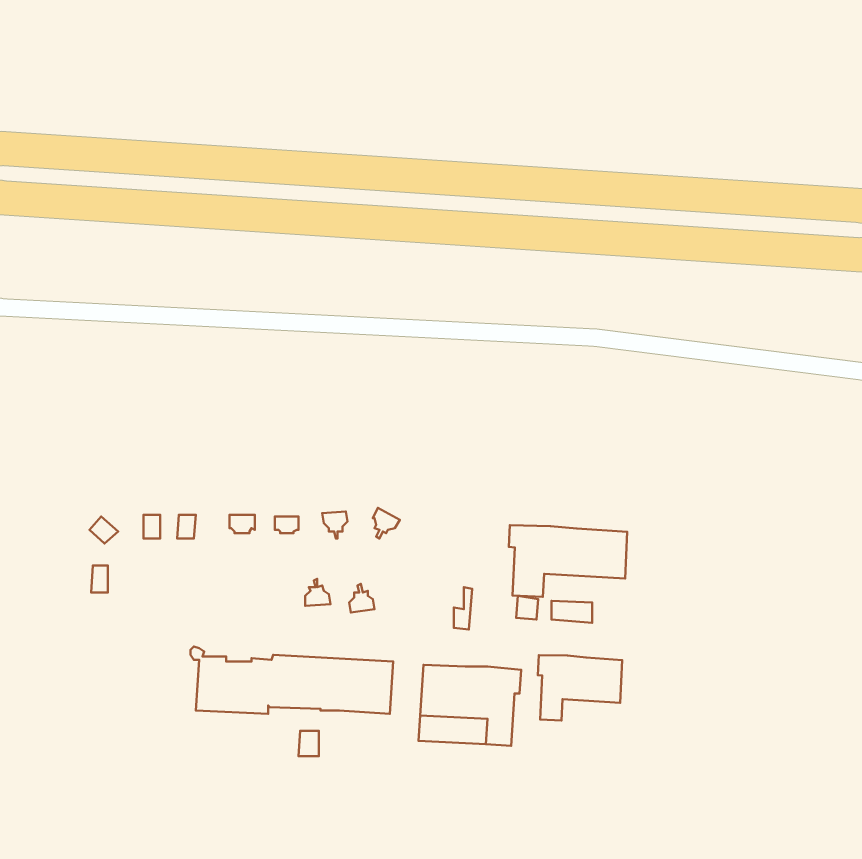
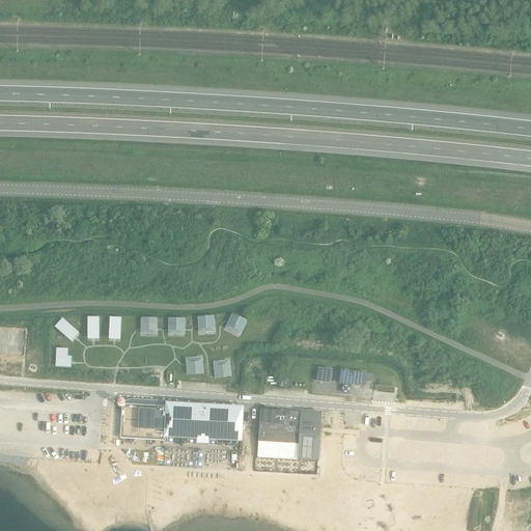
building: [509,525,627,597] -> none
building: [538,655,622,721] -> none

